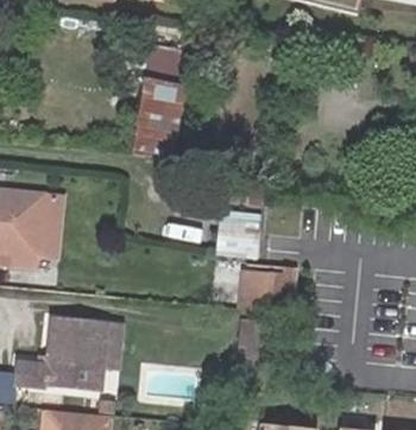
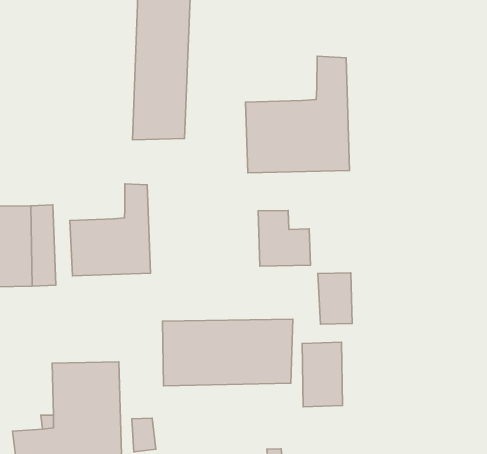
building: none -> [245,56,350,173]
building: none -> [70,184,151,276]
building: none -> [162,319,293,386]

